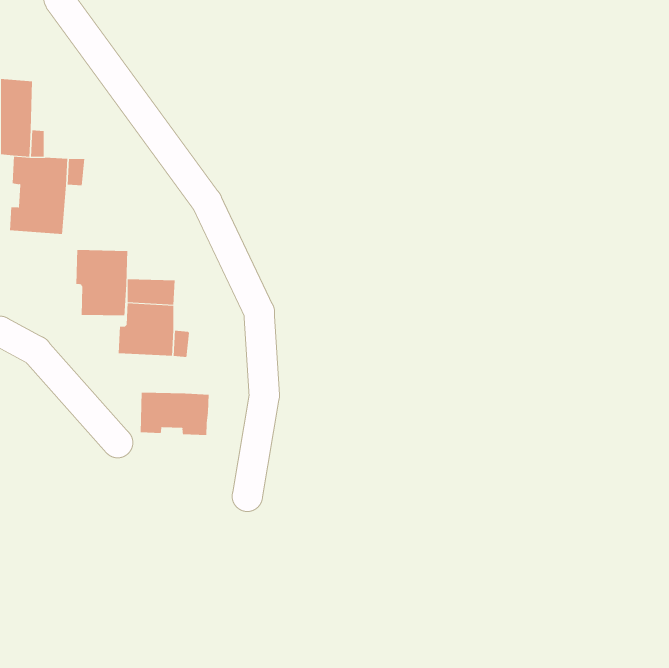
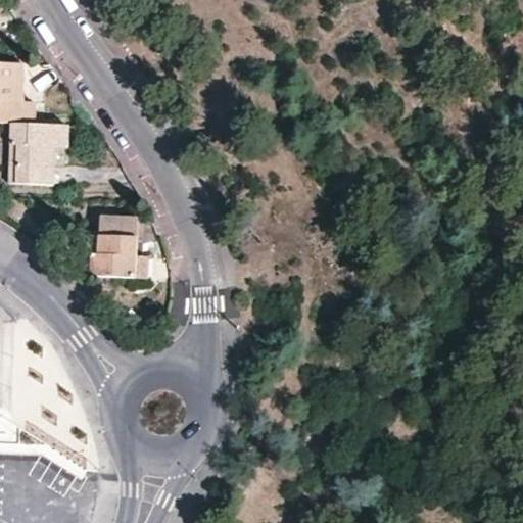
building: [76,249,128,316] -> none
building: [140,392,209,436] -> none

